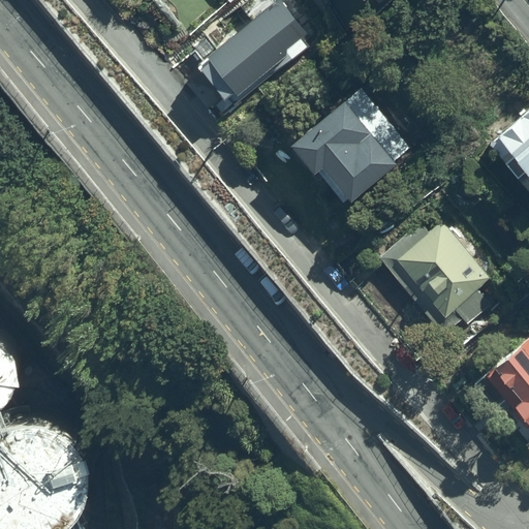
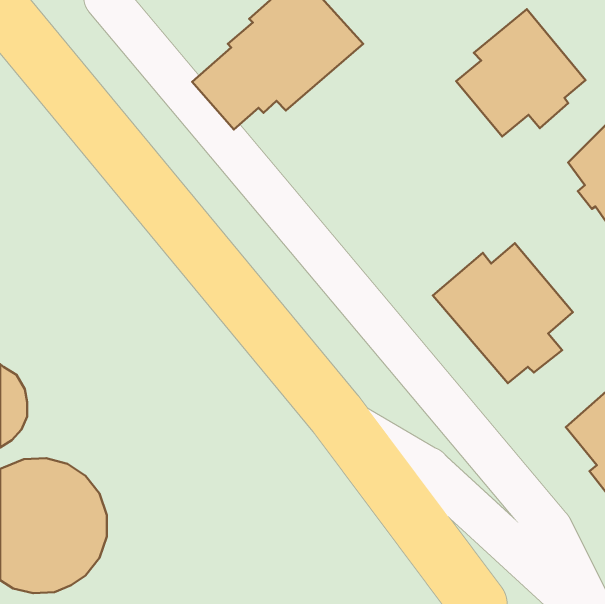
building: none -> [456,9,585,136]
building: [287,90,406,207] -> none

